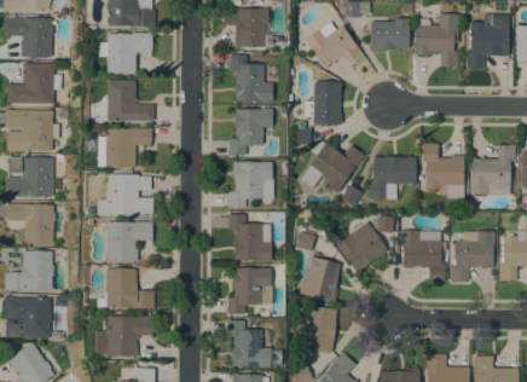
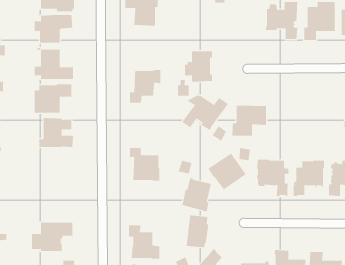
building: [370,18,410,51] -> none
building: [305,22,365,69] -> none
building: [230,54,273,100] -> none
building: [422,143,464,197] -> none
building: [471,144,515,195] -> none
building: [228,161,274,207] -> none
building: [108,221,152,261] -> none
building: [227,267,272,313] -> none
building: [97,268,154,308] -> none

